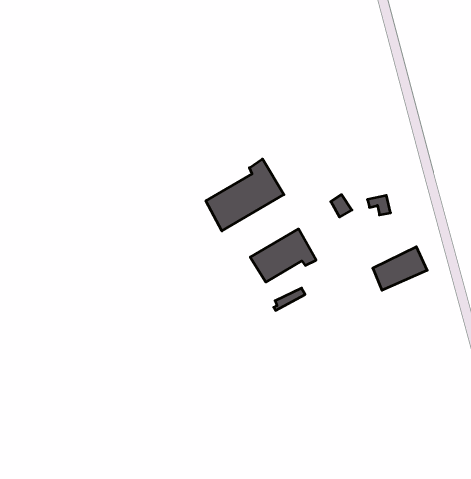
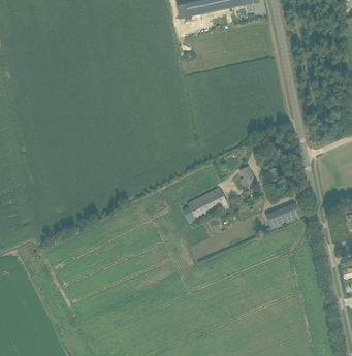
building: [206,159,284,231] -> none

